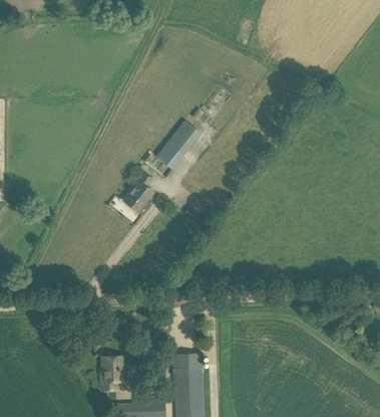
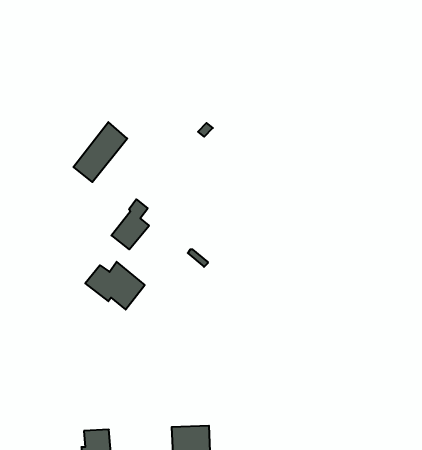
building: [155,121,199,169] -> [73,122,127,182]
building: none -> [85,262,145,310]

